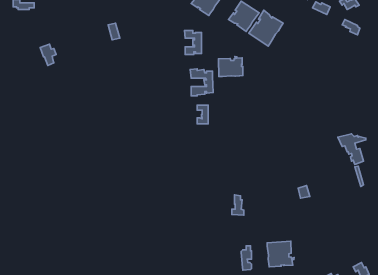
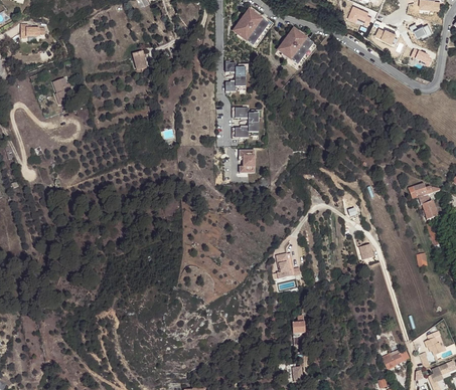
building: [249,10,283,46] -> none
building: [218,57,243,77] -> none
building: [267,241,294,267] -> none

